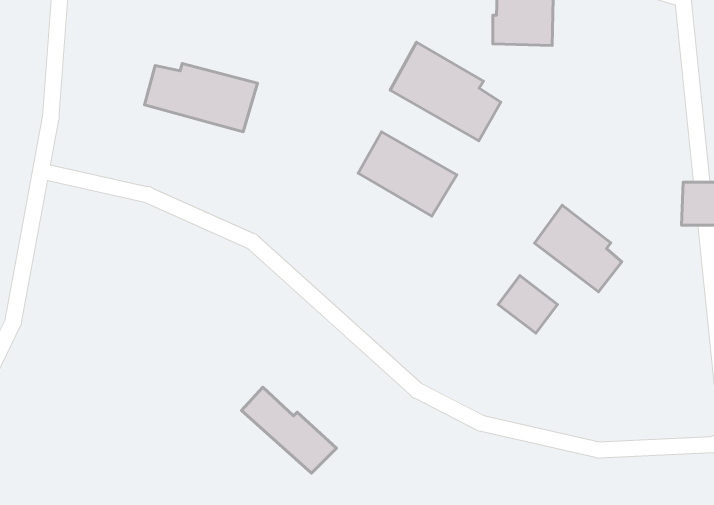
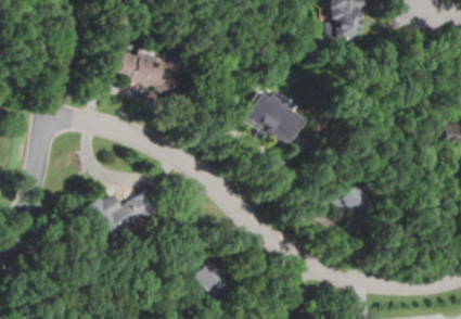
building: [390,42,501,141] -> none
building: [534,205,622,292] -> none
building: none -> [86,188,162,240]

